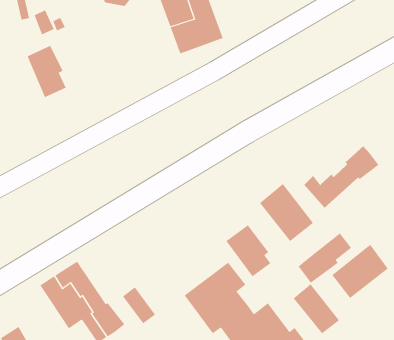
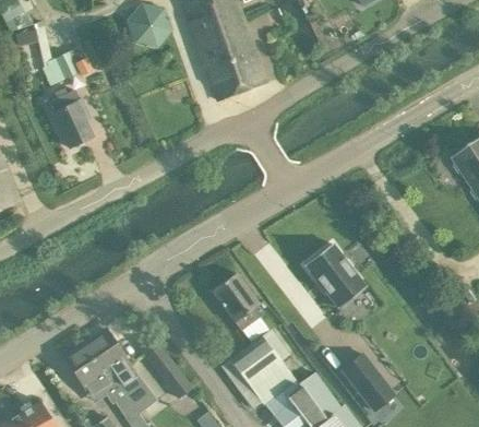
building: [304,145,379,209] -> none
building: [225,224,271,277] -> [211,272,261,330]
building: [298,232,352,284] -> none
building: [331,244,388,299] -> none

